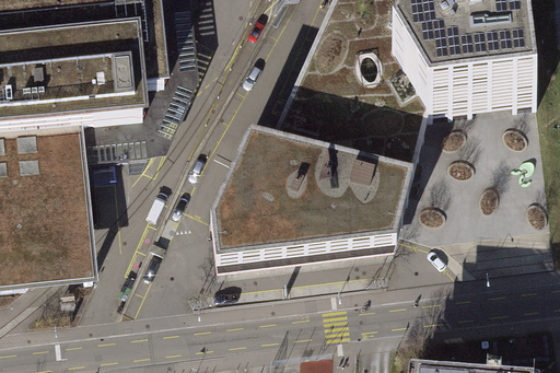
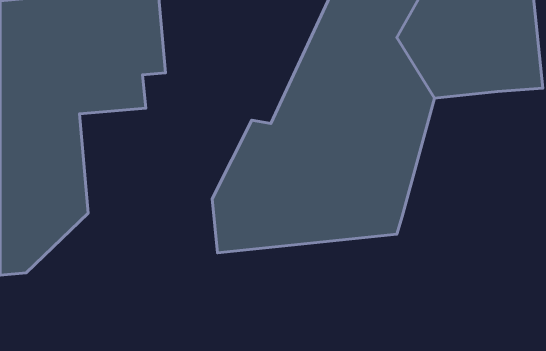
building: [26,222,93,281] -> none

